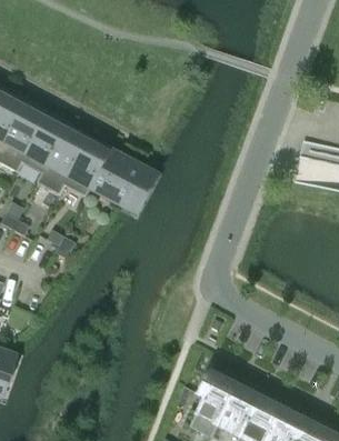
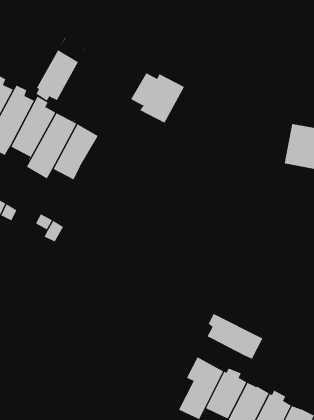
building: none -> [36,37,86,102]
building: [92,156,147,207] -> [130,73,185,124]
building: none -> [203,313,263,359]

